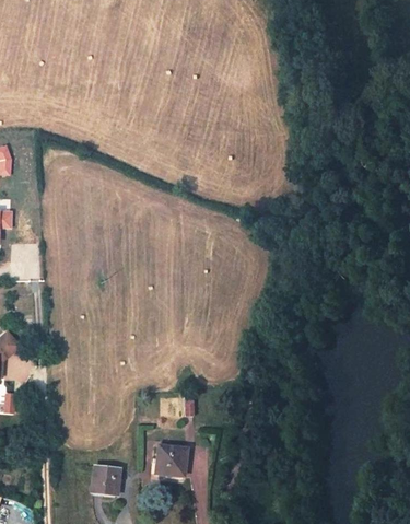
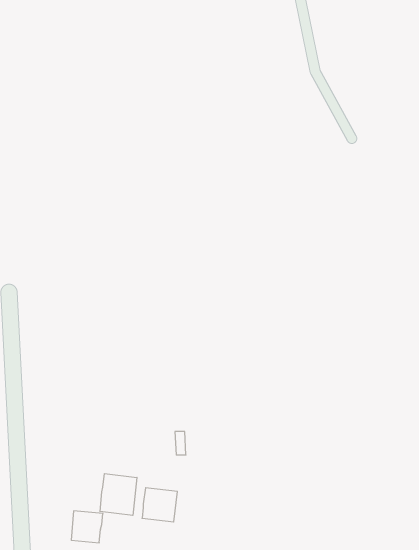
building: none -> [100,474,137,515]

